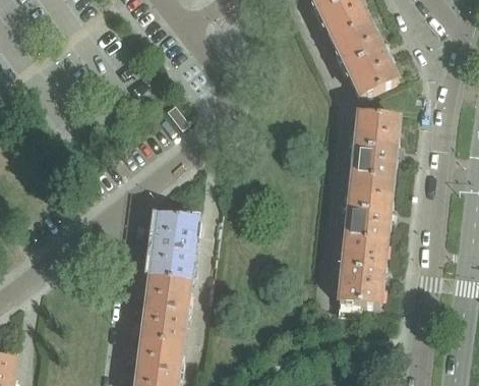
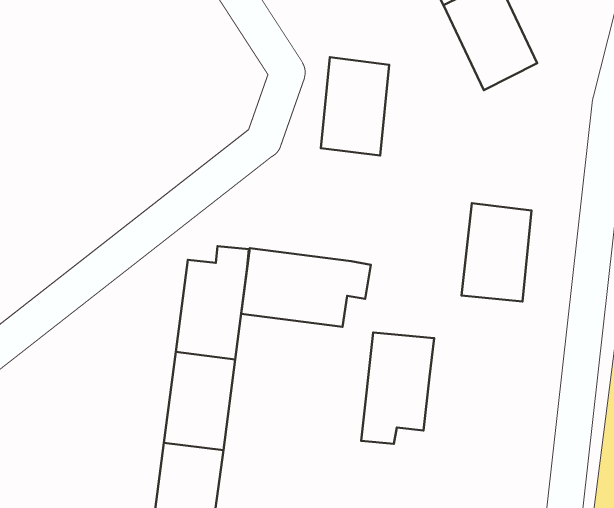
building: [352,110,399,177] -> [321,57,389,156]
building: none -> [241,248,371,327]
building: [337,235,386,312] -> [361,332,434,444]

